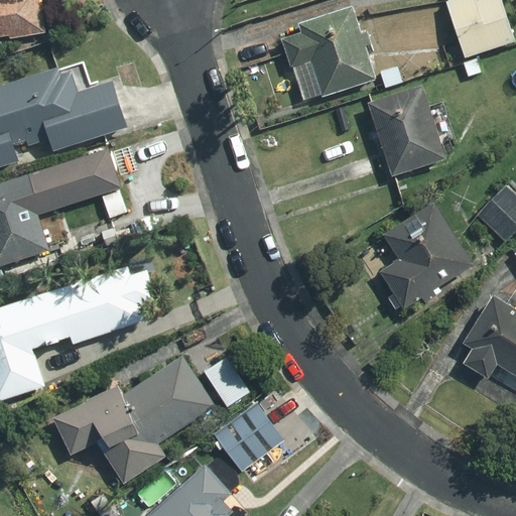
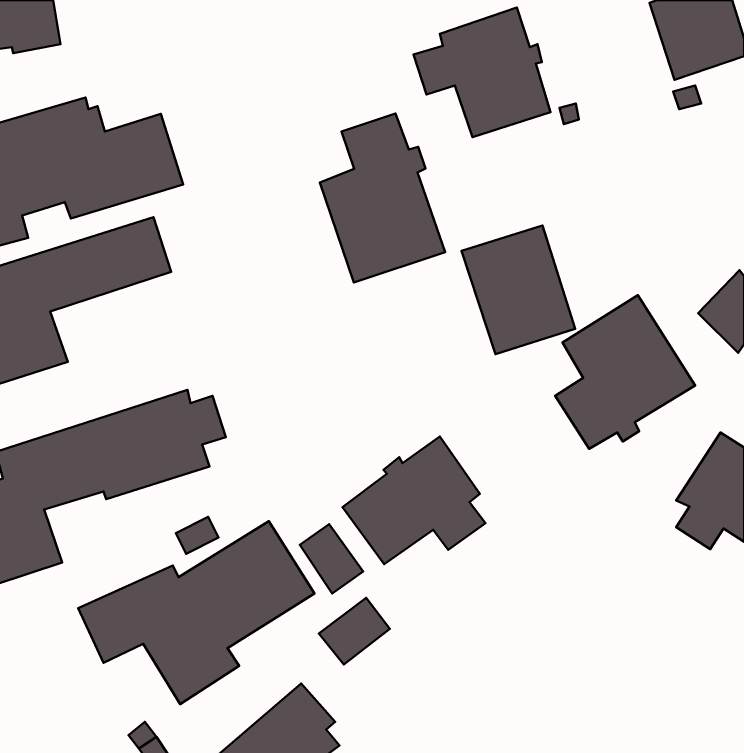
building: none -> [320,114,445,283]
building: [367,87,444,174] -> [461,226,575,354]
building: none -> [342,436,486,564]

